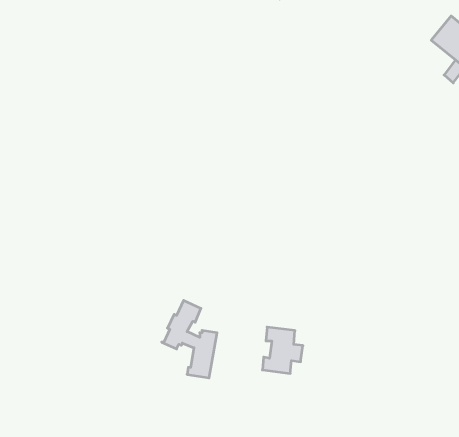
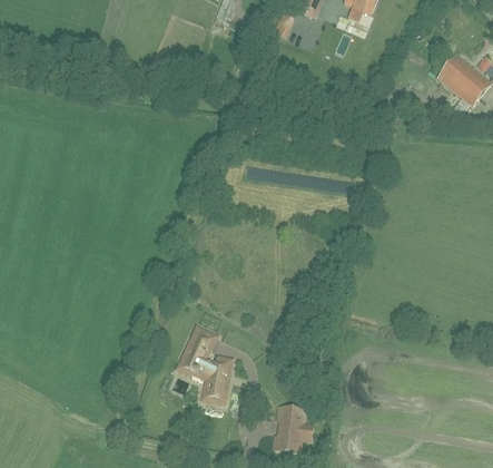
building: [262,327,303,373] -> [273,407,312,451]

